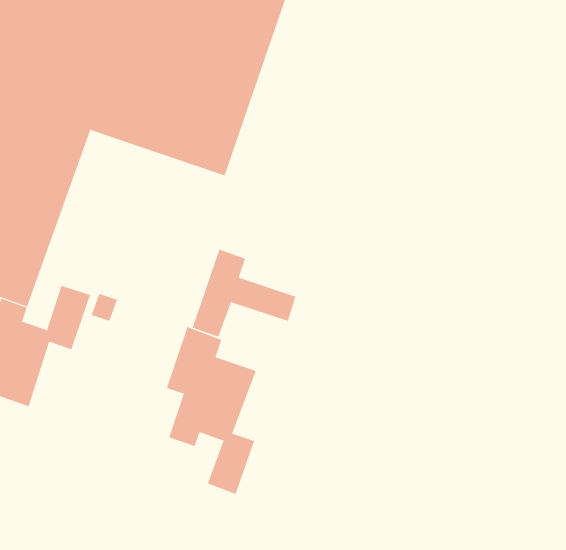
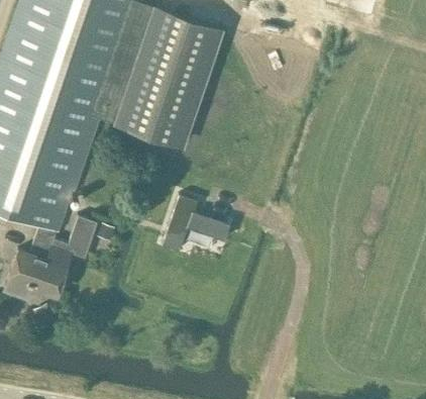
building: [166,326,256,495] -> none

